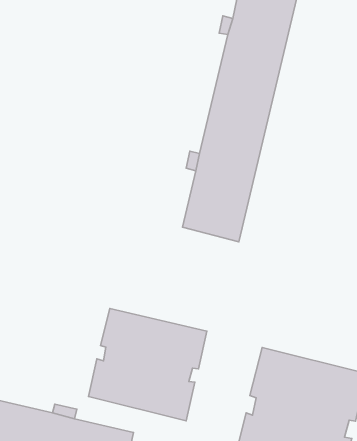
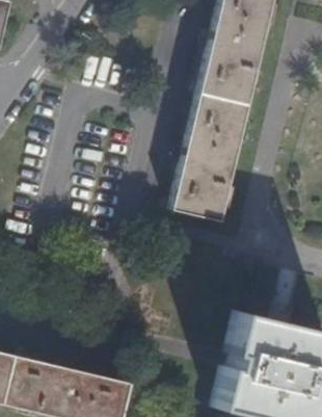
building: [88,308,207,421] -> none

